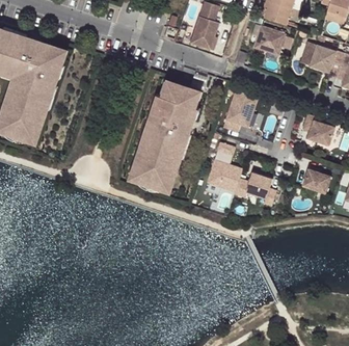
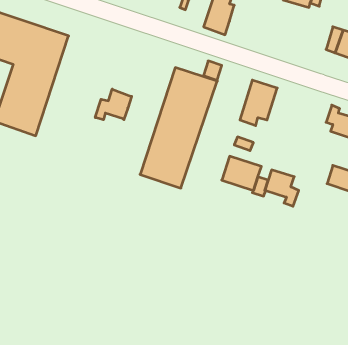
building: [251,25,285,56] -> none
building: none -> [95,89,132,120]

